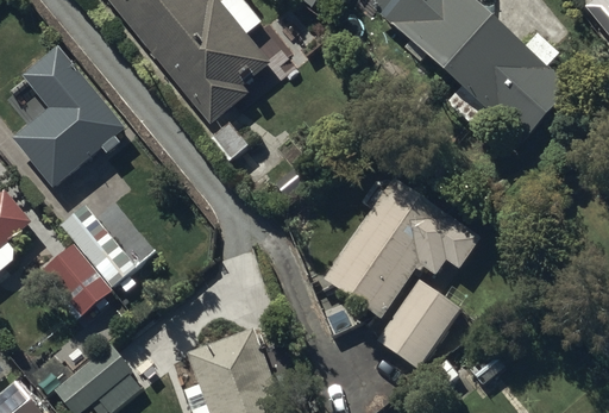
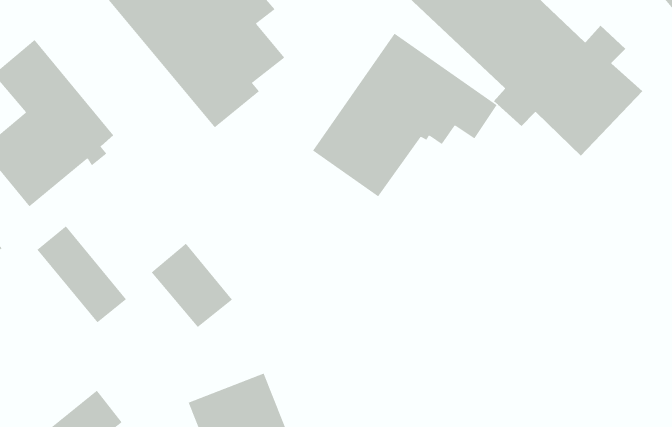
building: [325,180,481,318] -> [312,33,497,197]
building: [44,242,113,313] -> [151,243,233,328]
building: [376,277,459,368] -> none

